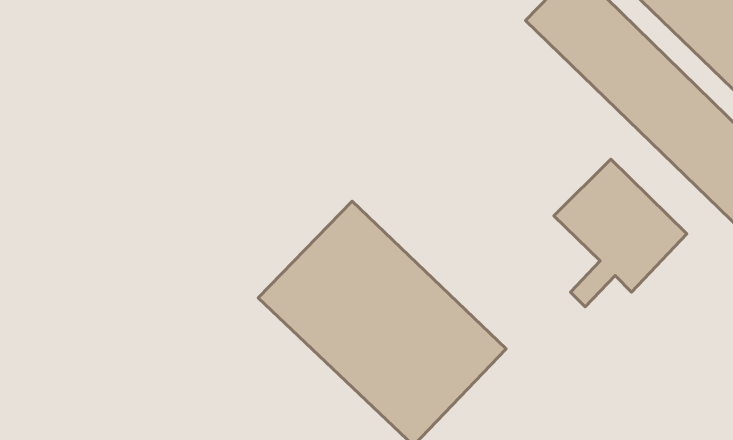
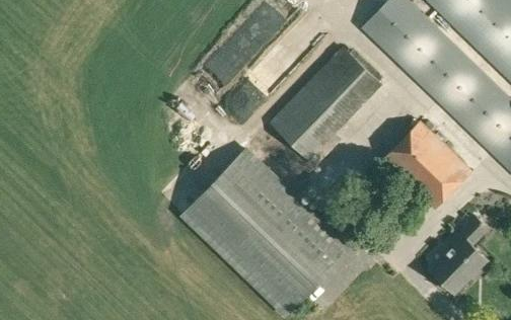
building: none -> [269,46,383,167]
building: none -> [431,216,490,293]

